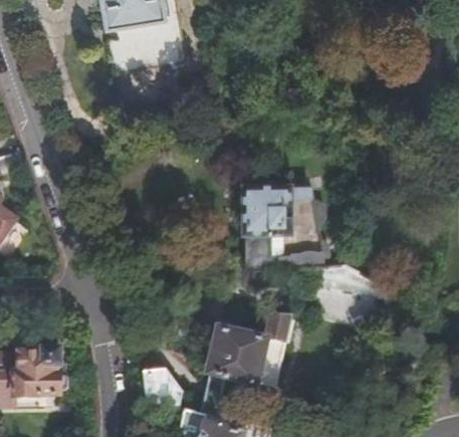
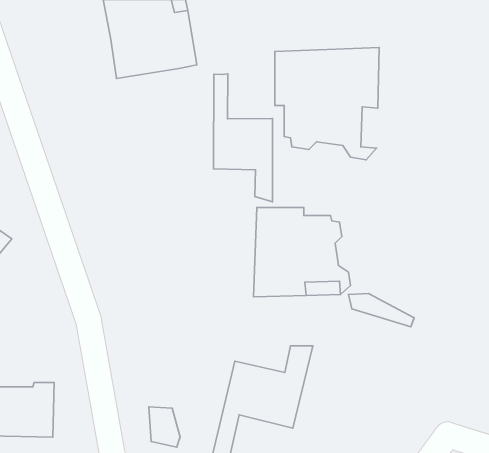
building: none -> [275,48,379,160]
building: none -> [213,74,272,202]

